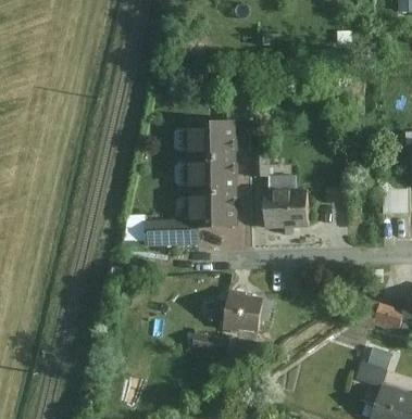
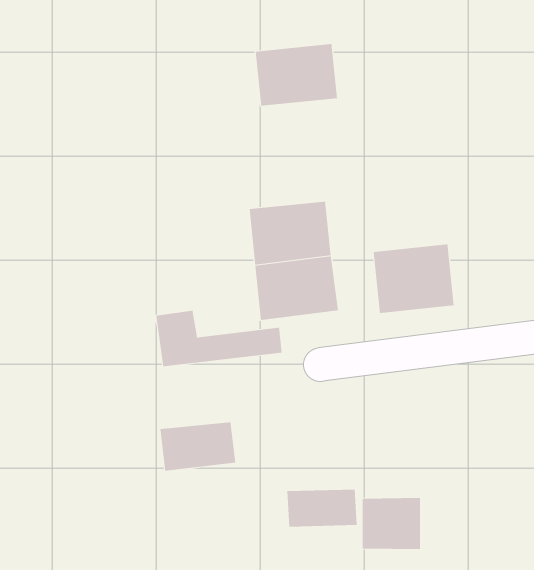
building: [187,118,236,153] -> [255,44,338,106]
building: none -> [160,421,236,472]
building: [223,295,263,331] -> [362,498,421,550]

